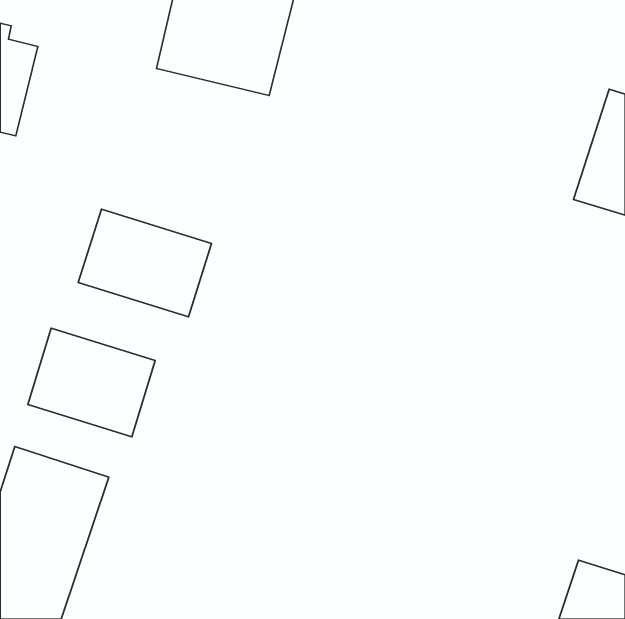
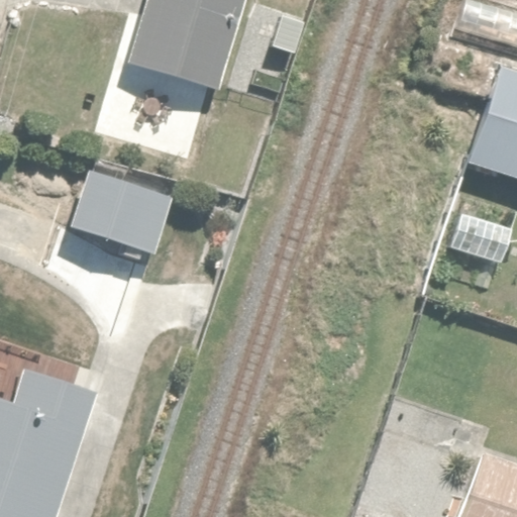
building: [28,328,155,437] -> none

